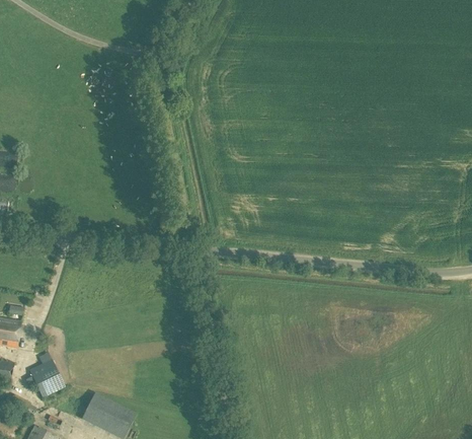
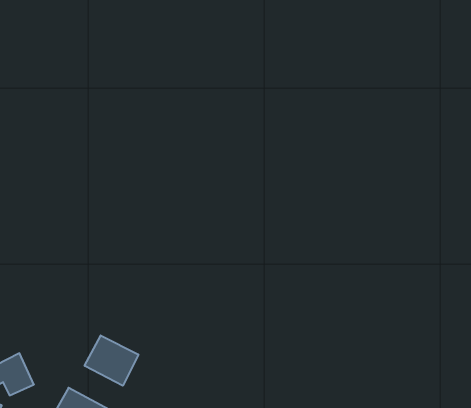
building: none -> [85,335,138,386]

